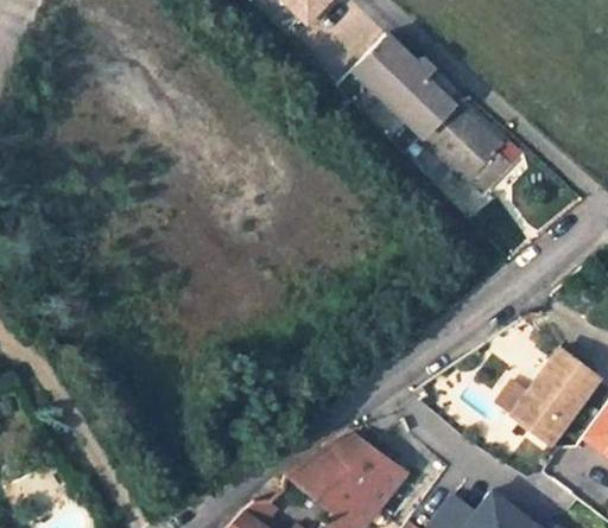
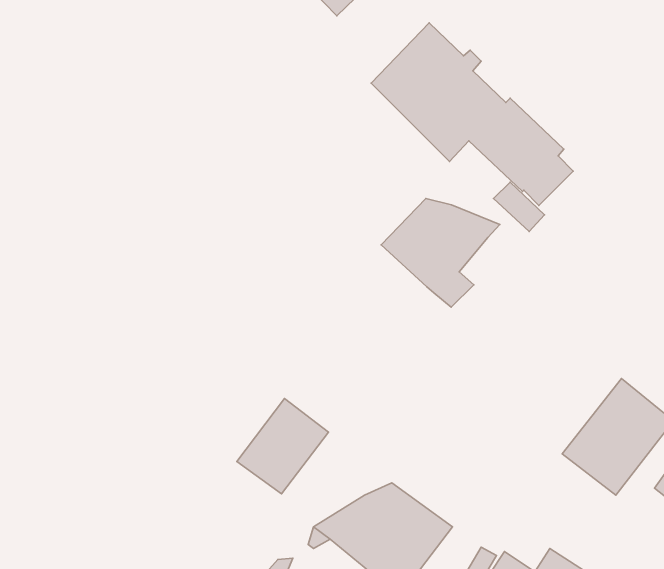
building: none -> [381,198,500,307]
building: none -> [237,398,329,494]

